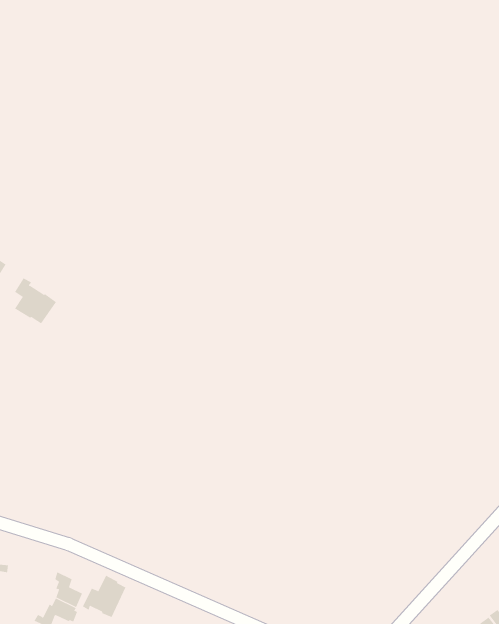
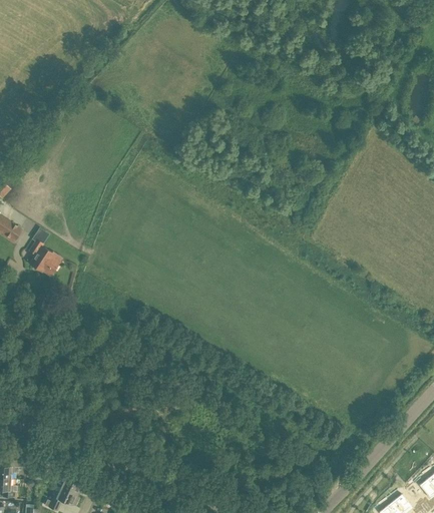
building: [82,575,126,618] -> none

